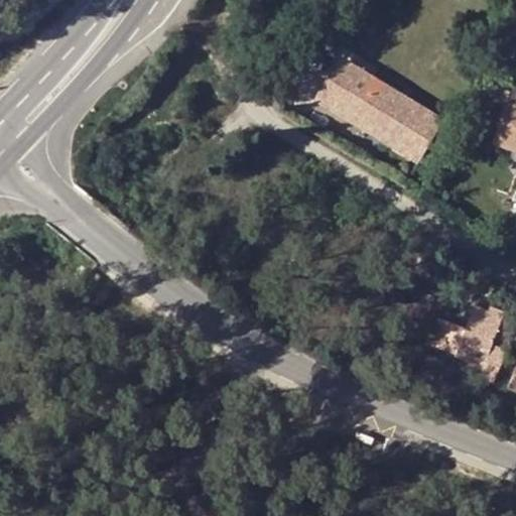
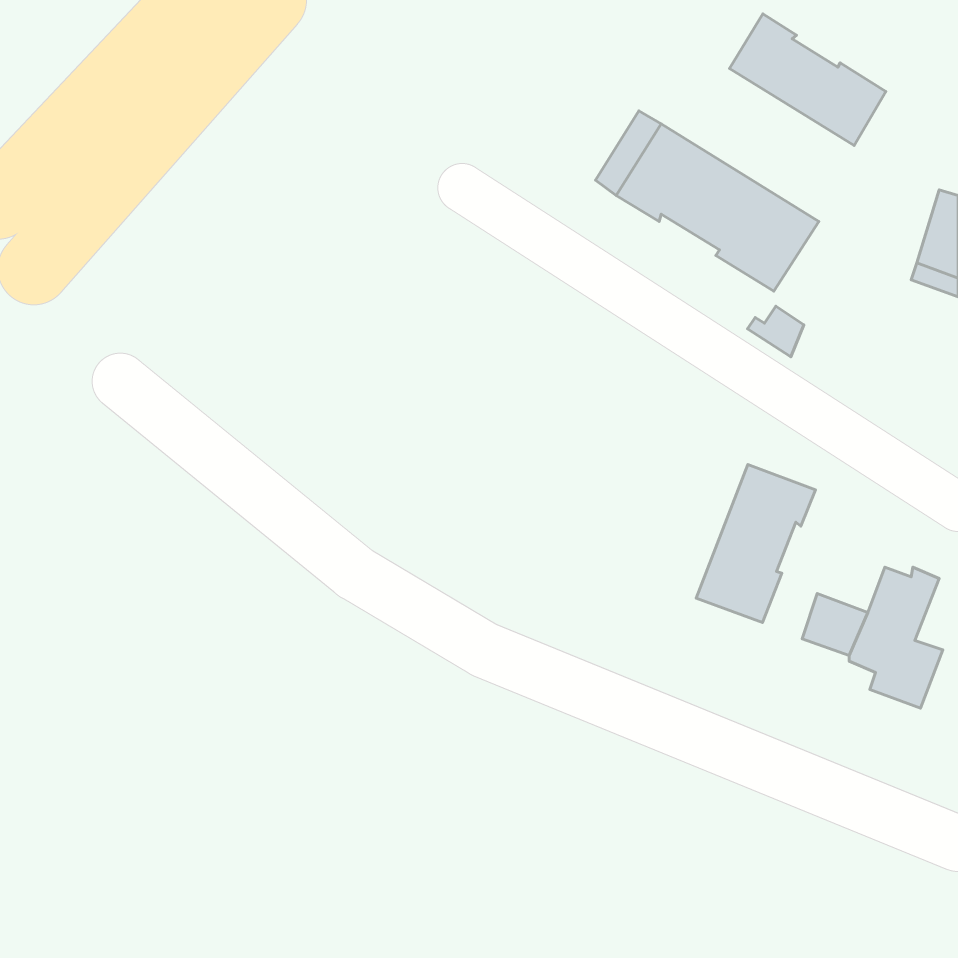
building: none -> [730,14,886,145]
building: none -> [696,464,815,622]

